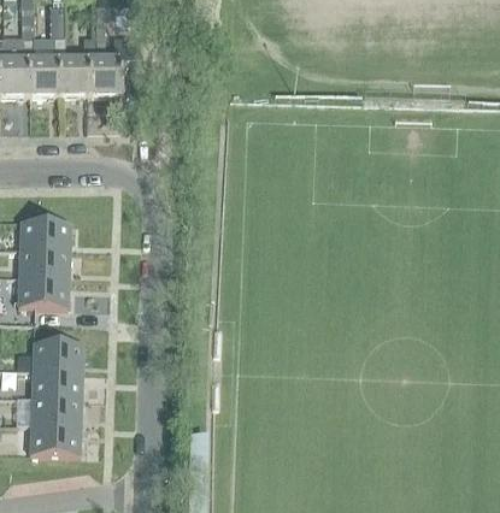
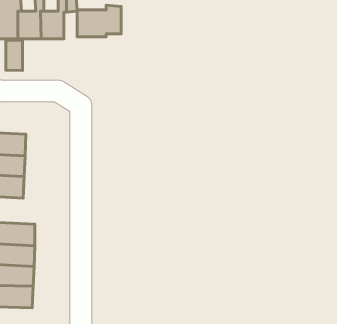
building: none -> [77,5,121,37]
building: none -> [6,40,22,70]

